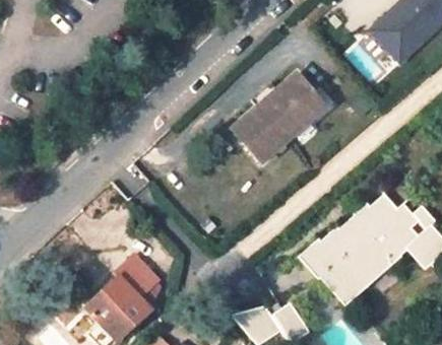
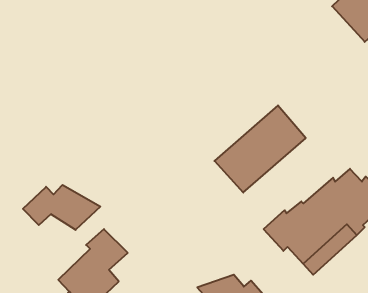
building: [231,72,324,161] -> [214,105,306,193]
building: none -> [23,185,100,230]

